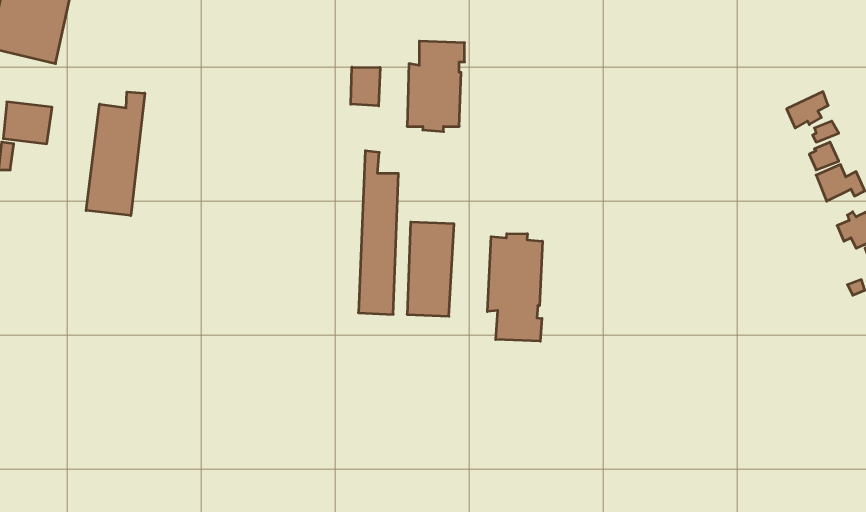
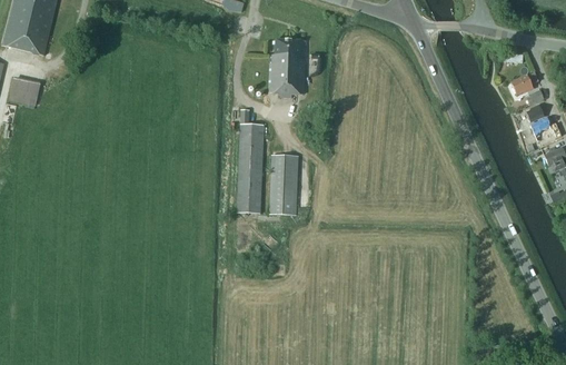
building: [351,67,380,106] -> none
building: [86,92,145,216] -> none
building: [487,234,542,341] -> none

